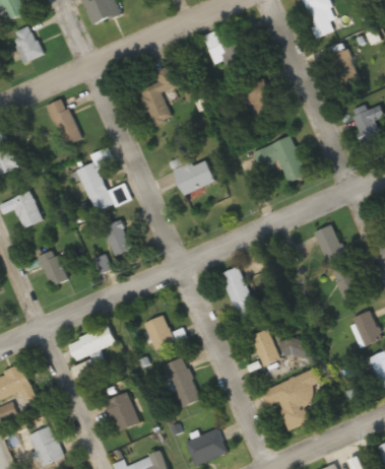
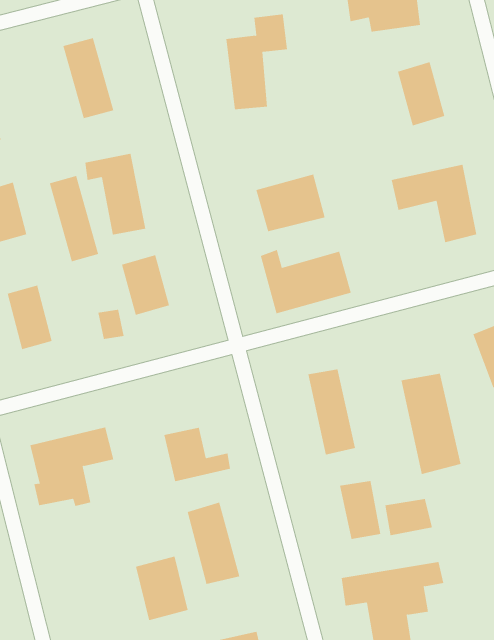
building: none -> [49,175,99,262]
building: none -> [260,249,352,314]
building: none -> [401,373,461,475]
building: [104,392,139,432] -> [135,556,189,621]

